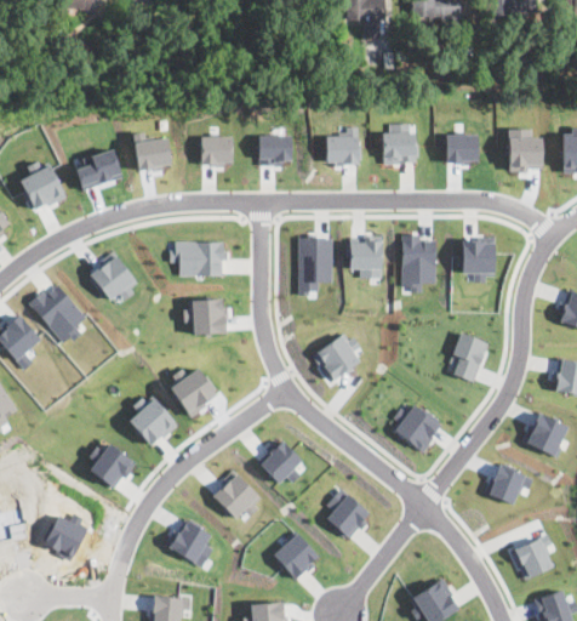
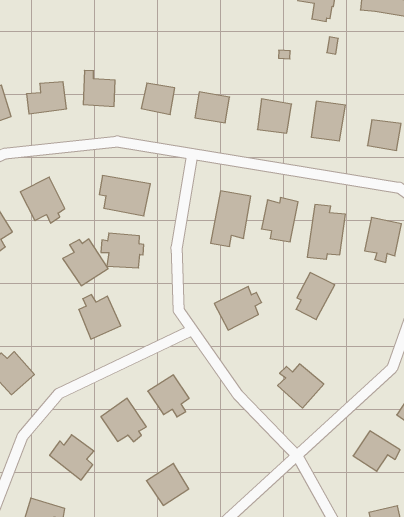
building: [451,334,489,382] -> [296,273,335,320]
building: [128,395,178,446] -> [63,239,108,286]
building: [326,488,372,540] -> none

